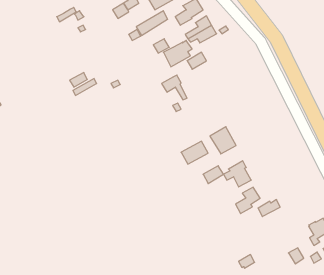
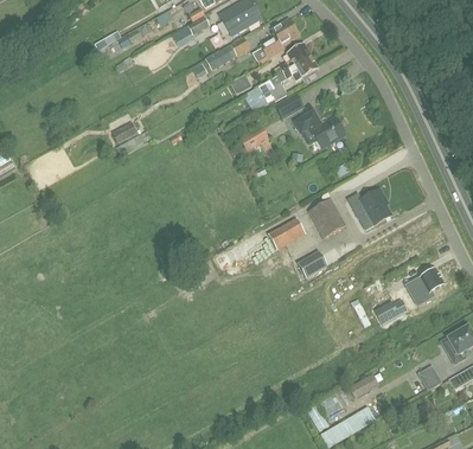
building: none -> [293,109,344,147]
building: [223,161,251,187] -> [351,187,390,224]
building: [236,187,260,214] -> [409,268,443,304]

